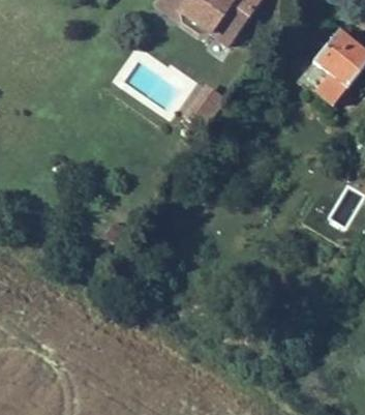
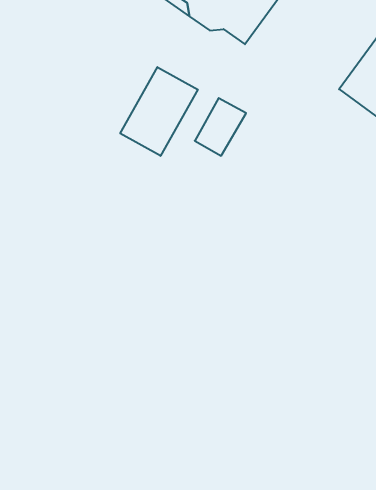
building: none -> [120,67,198,156]

